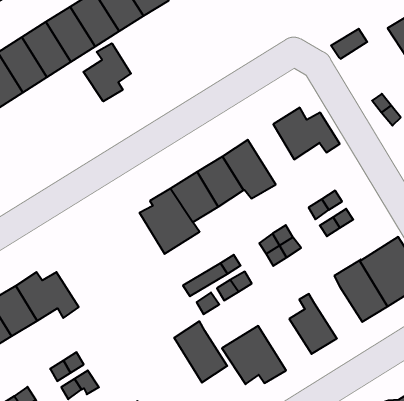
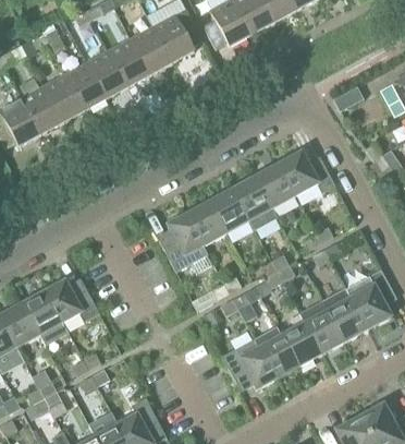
building: [83,43,131,101] -> none
building: none -> [255,164,294,216]
building: none -> [304,309,344,353]
building: [174,321,227,383] -> [254,325,298,379]

